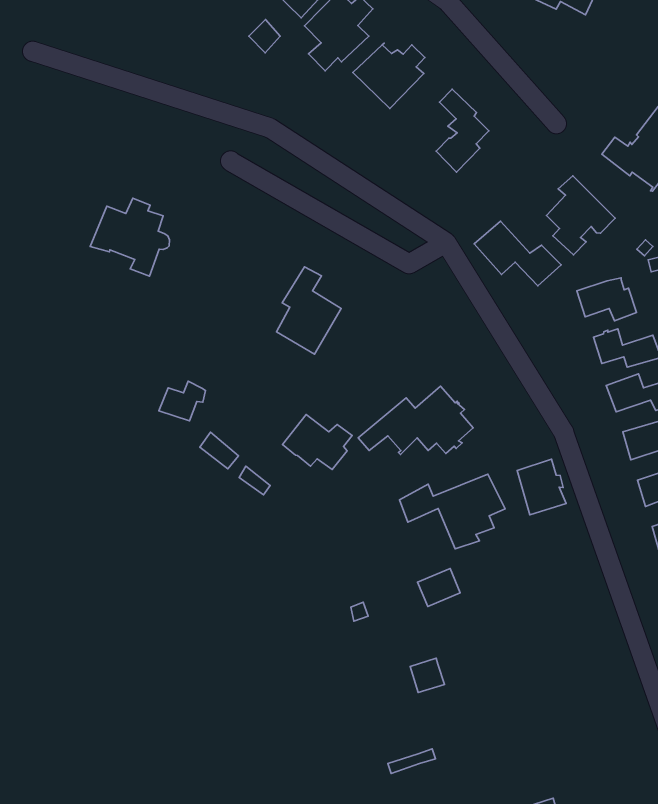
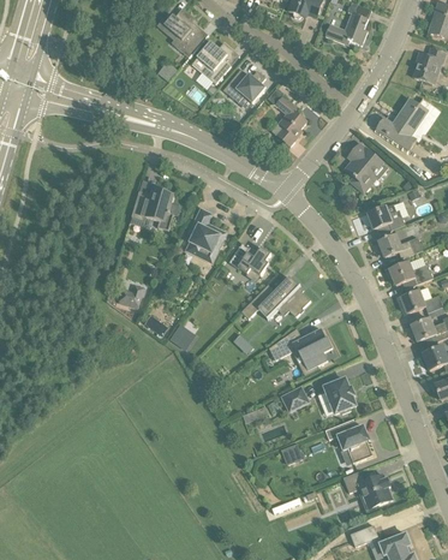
building: [90,198,170,276] -> [131,183,179,230]
building: [474,221,561,286] -> none
building: [282,415,352,470] -> [228,242,270,274]
building: [517,459,566,515] -> [324,377,356,412]
building: none -> [324,418,372,461]
building: none -> [342,469,393,512]

